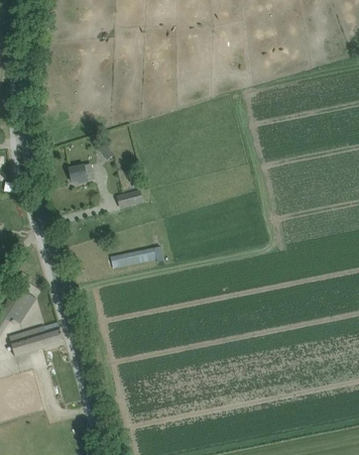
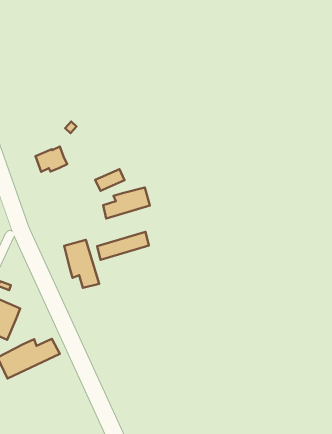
building: none -> [103,188,150,219]
building: none -> [64,240,99,288]

